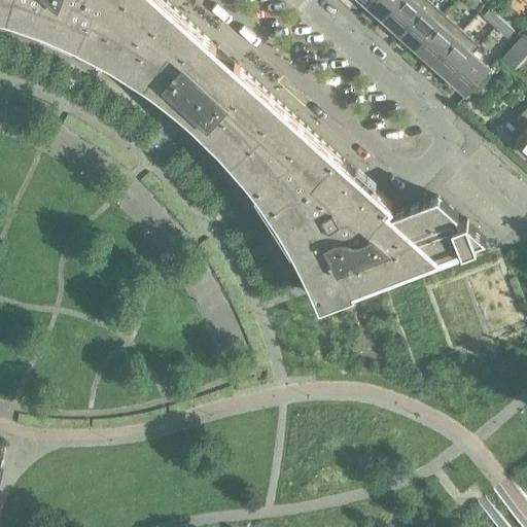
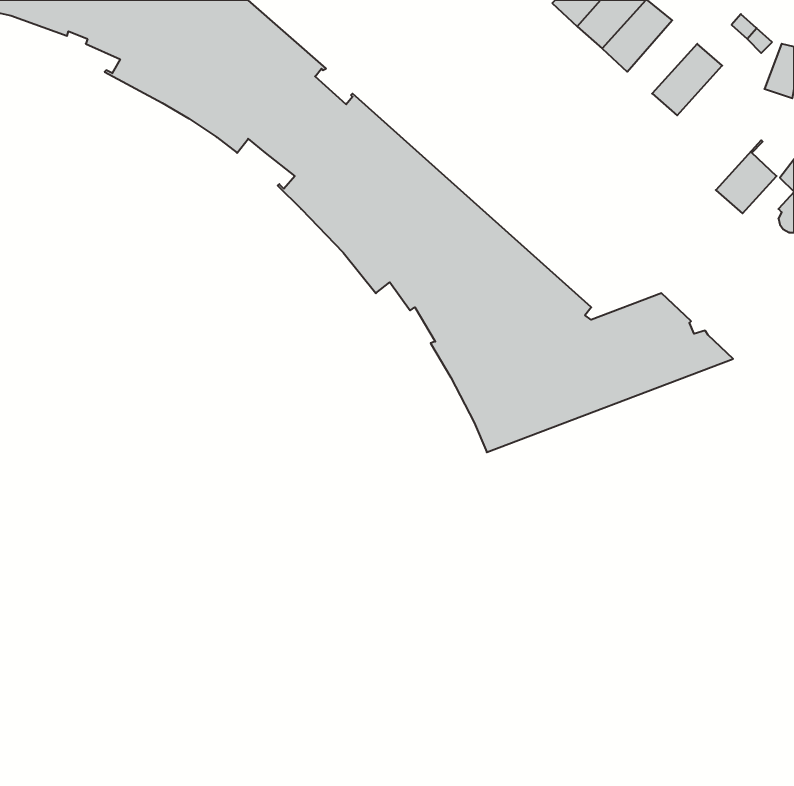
building: [414,21,460,69] -> none
building: [447,50,487,99] -> [716,140,777,213]

